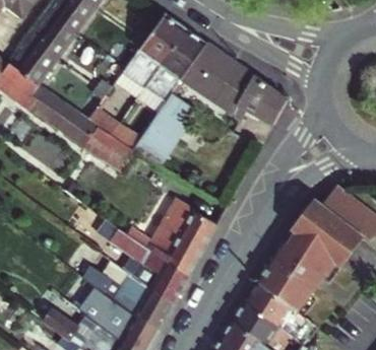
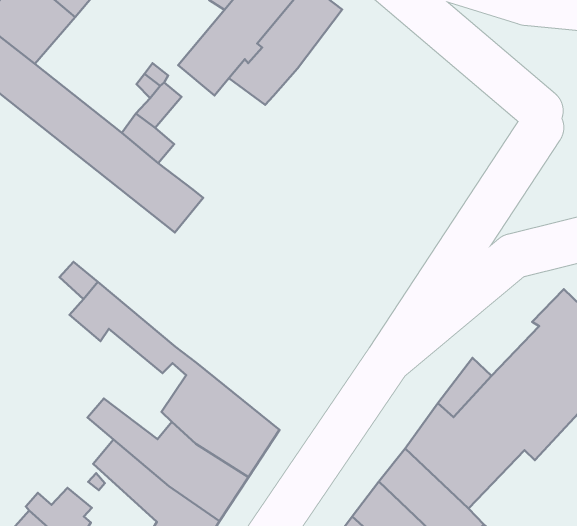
building: [183,43,288,124] -> none
building: [130,93,190,165] -> none
building: [127,199,216,277] -> none

